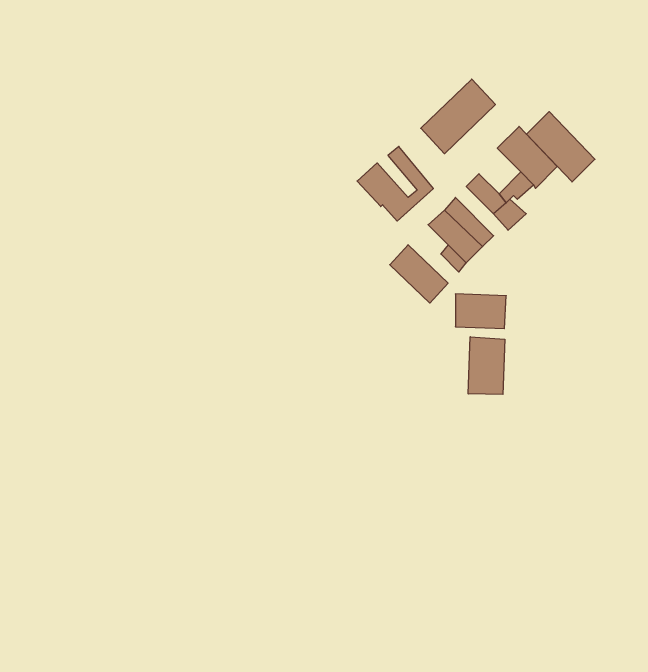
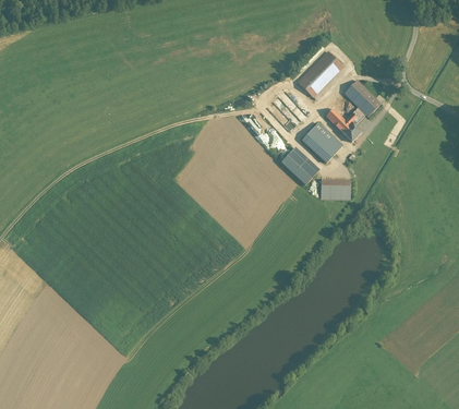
building: [526,112,595,182] -> none
building: [468,337,505,394] -> none

